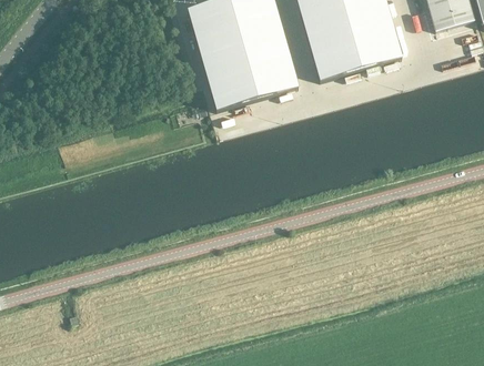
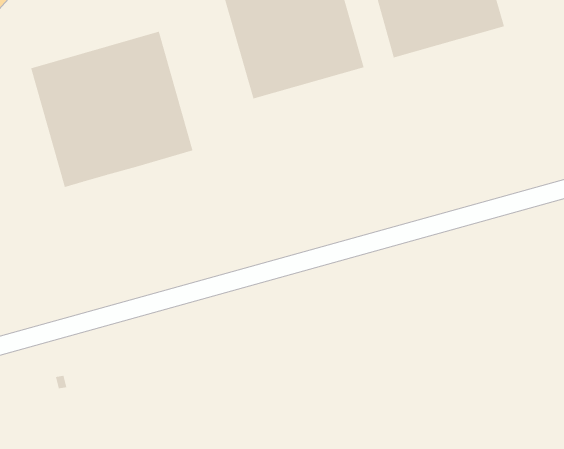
building: none -> [30,31,193,188]

